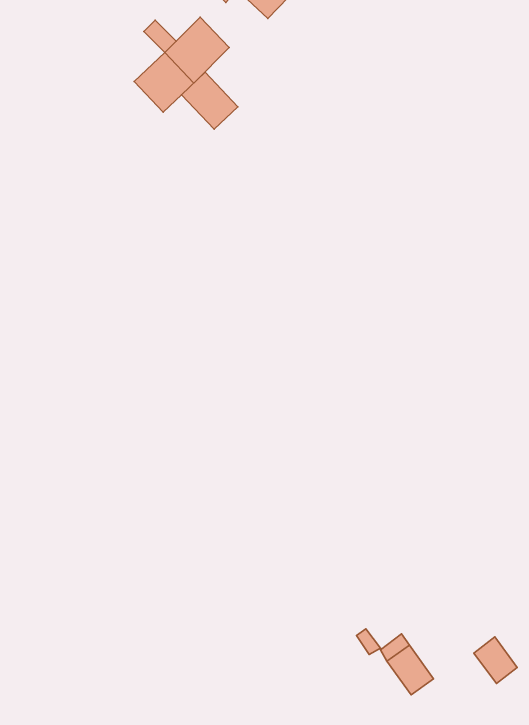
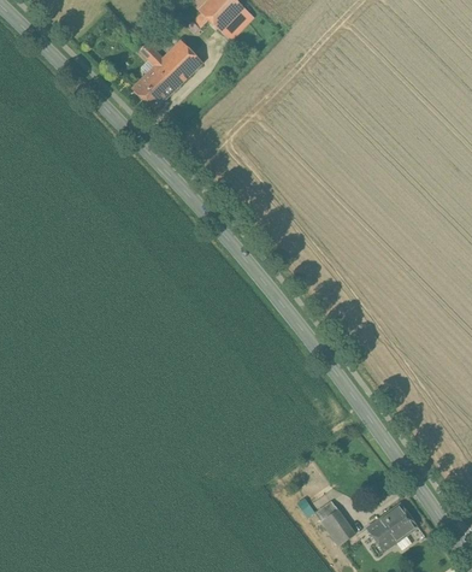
building: [181,72,238,129] -> none
building: none -> [366,514,402,555]

